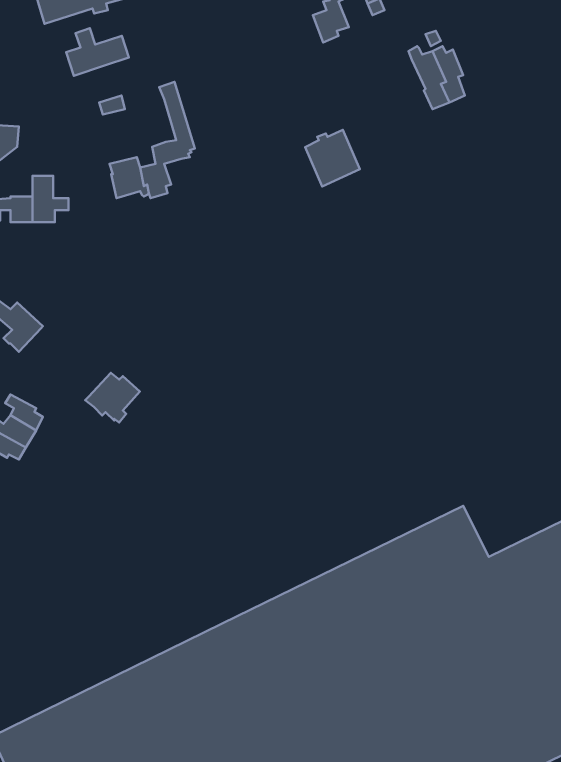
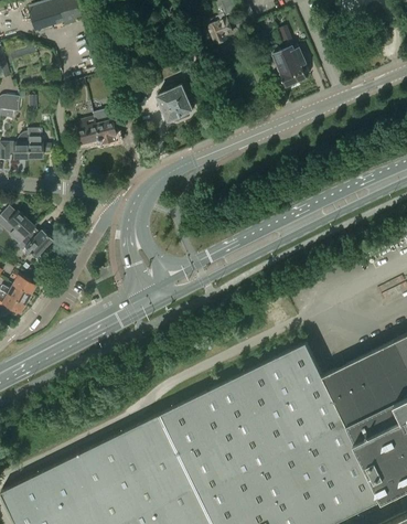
building: [66,28,129,76] -> none
building: [305,130,360,186] -> [158,86,193,122]
building: [85,373,140,422] -> [17,229,52,261]

